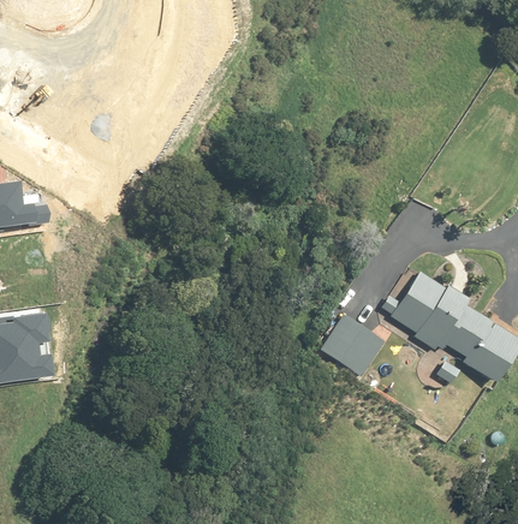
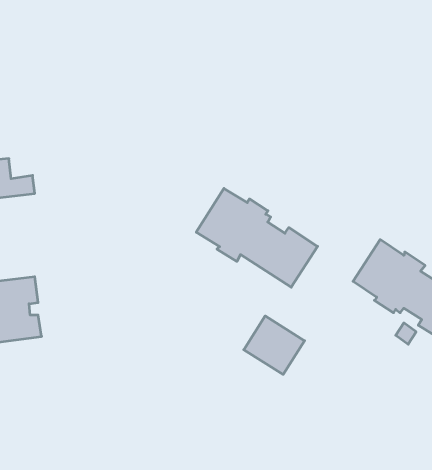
building: none -> [196,188,318,287]
building: [318,314,383,376] -> [244,316,305,374]

